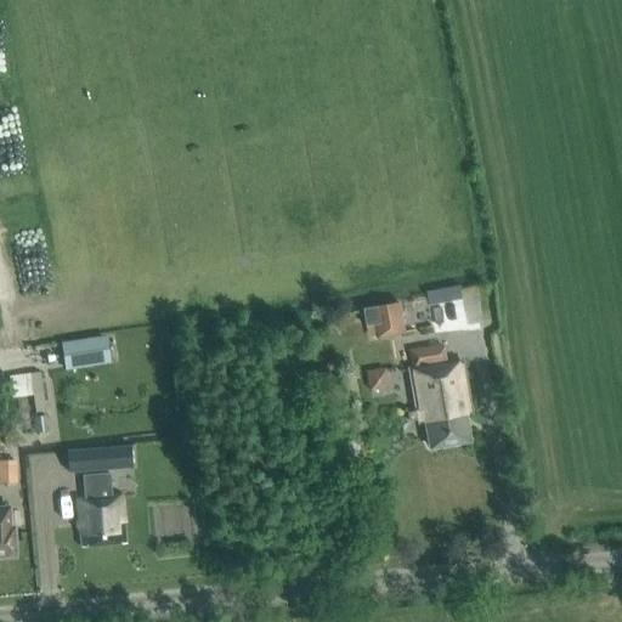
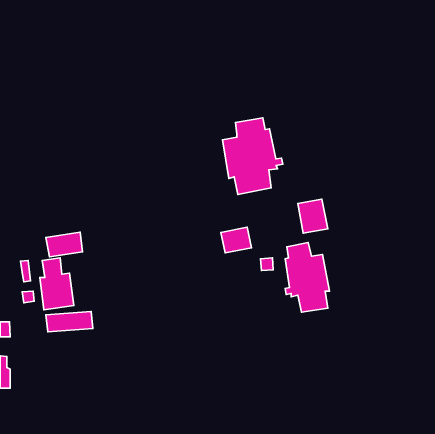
building: none -> [223,118,283,194]
building: [362,301,406,338] -> [221,227,252,253]
building: [78,474,126,548] -> [40,258,74,310]

